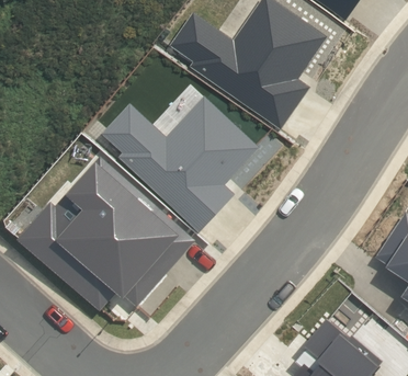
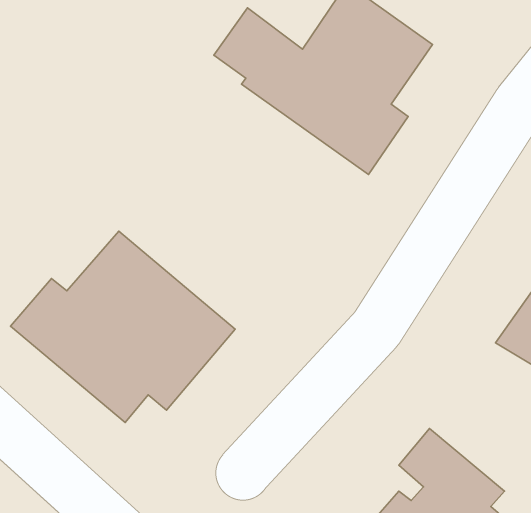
building: [103,96,259,232] -> none

